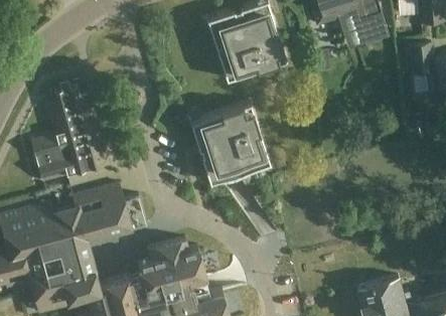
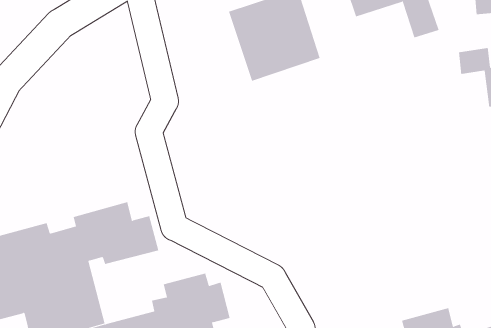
building: [30,85,109,182] -> none
building: [190,103,270,182] -> none

